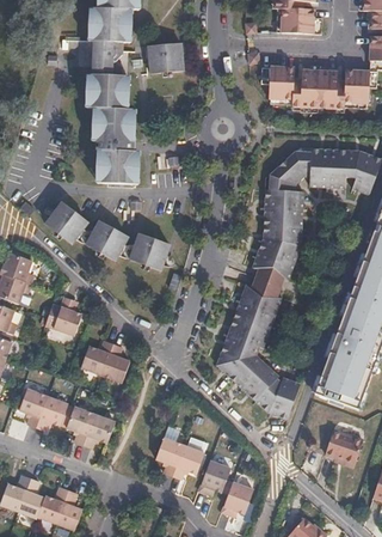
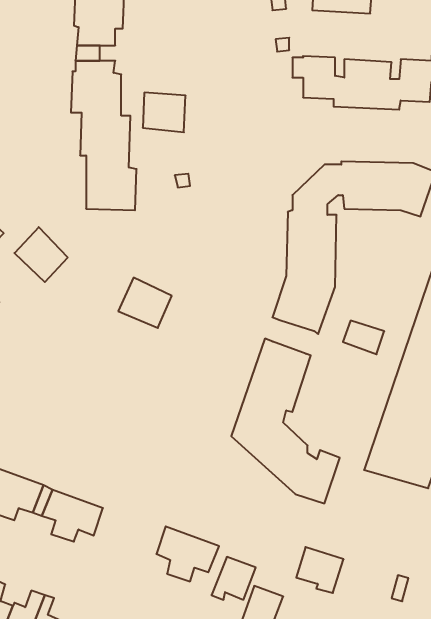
building: [147,50,180,81] -> [143,93,186,132]
building: [82,226,125,266] -> none
building: [246,274,278,300] -> [343,321,384,354]
building: [44,298,81,335] -> none
building: [78,341,128,388] -> none
building: [324,437,361,472] -> [296,547,344,593]

